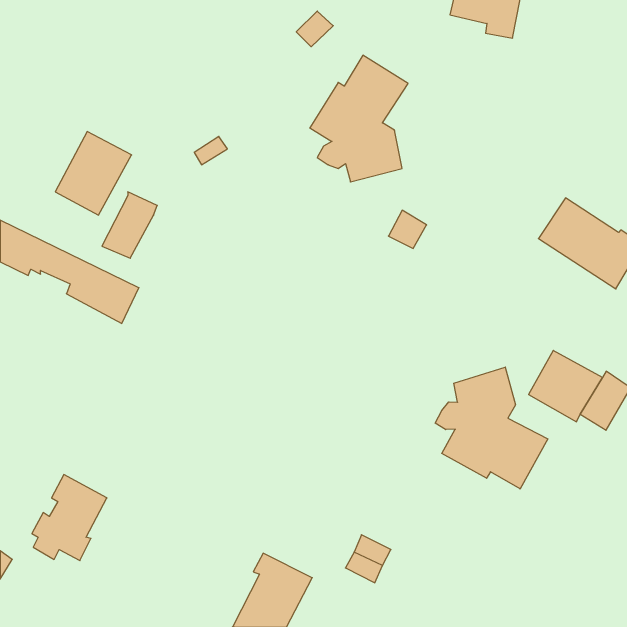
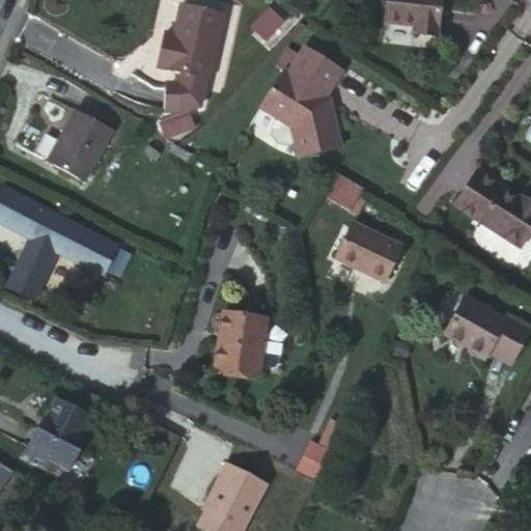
building: none -> [159,4,223,111]
building: [102,192,157,258] -> [13,228,60,284]
building: none -> [340,222,407,277]
building: [435,367,548,489] -> none
building: none -> [212,313,266,376]

